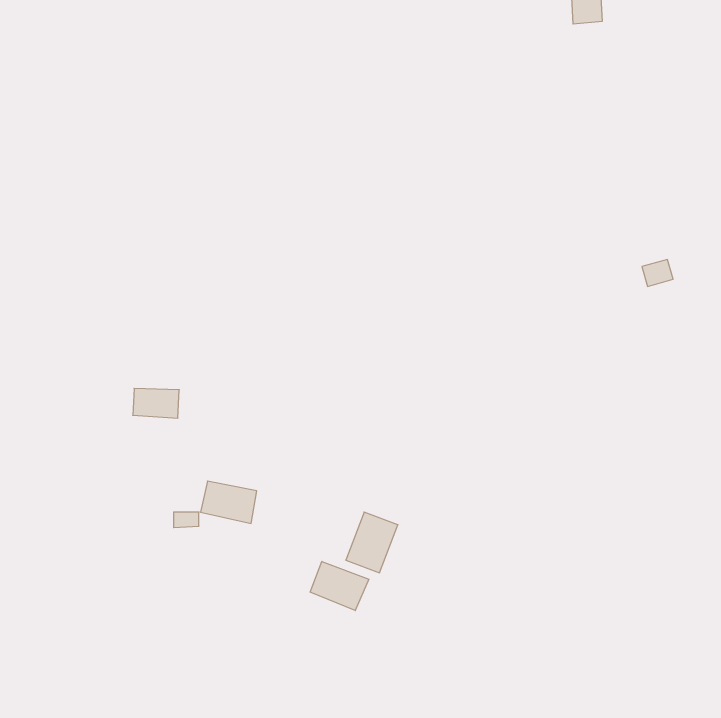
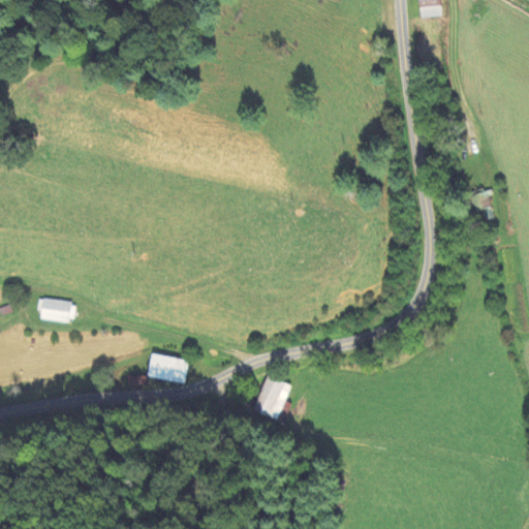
building: [133,388,179,418] -> [40,299,74,320]
building: [310,561,369,611] -> none

